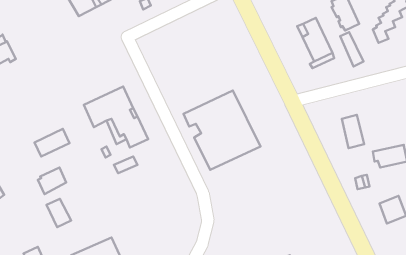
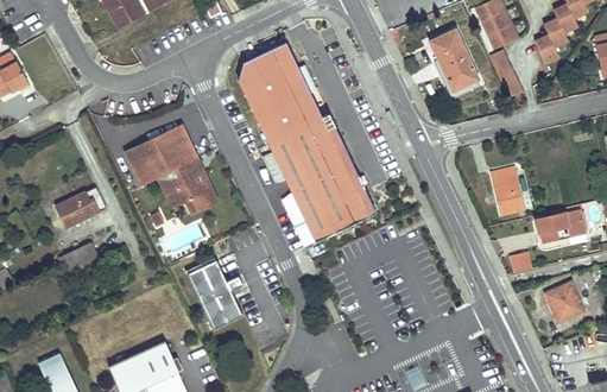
building: none -> [239,42,337,165]
building: none -> [188,260,241,328]
building: [46,199,71,227] -> none

